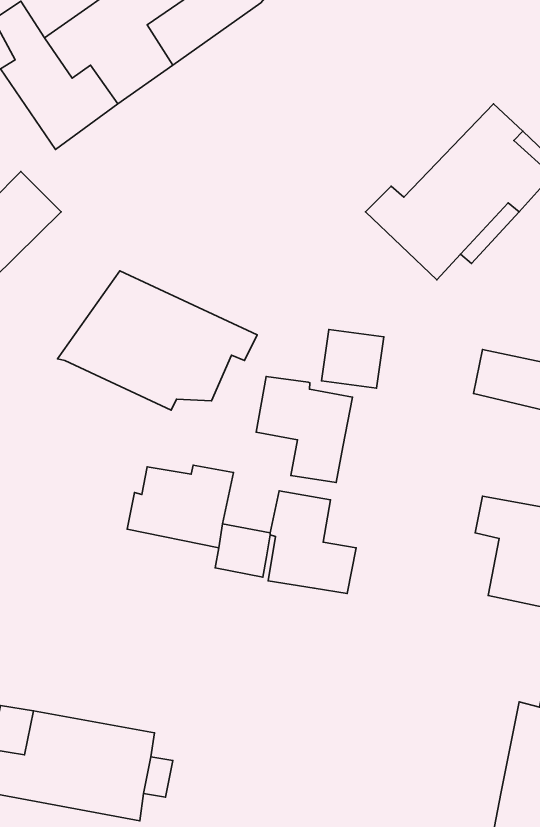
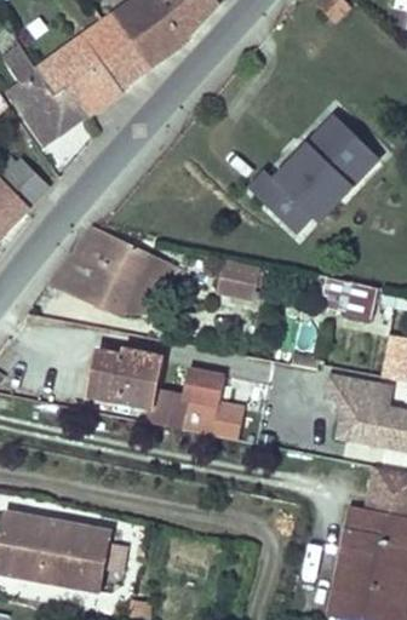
building: [256,376,353,483] -> none

